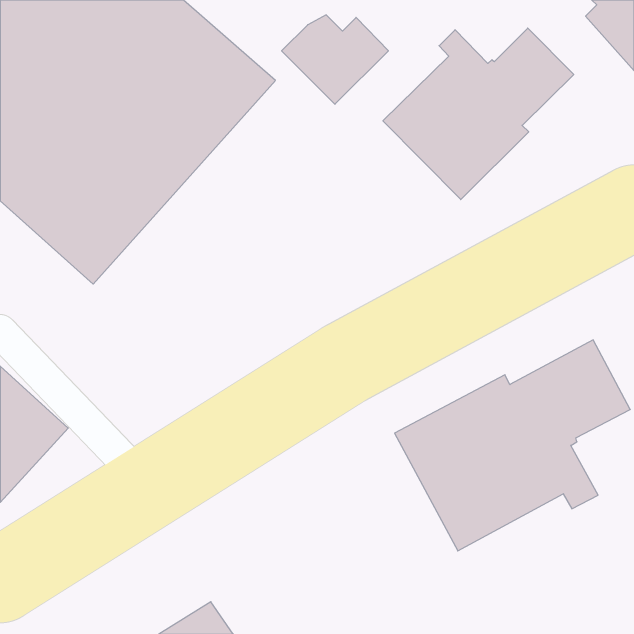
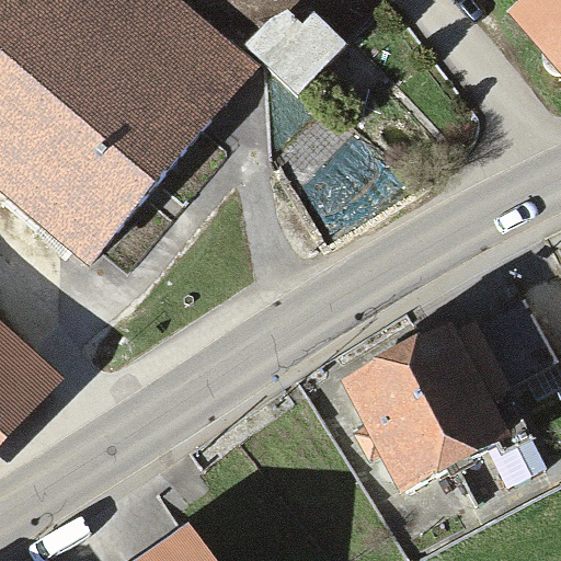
building: [383,28,574,200] -> none

